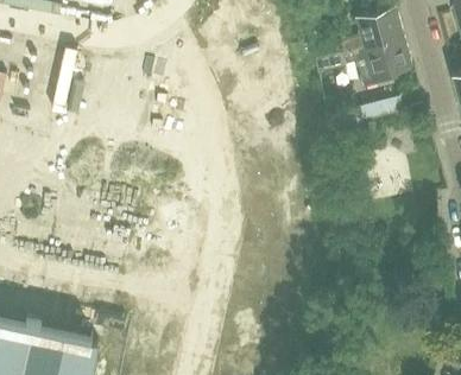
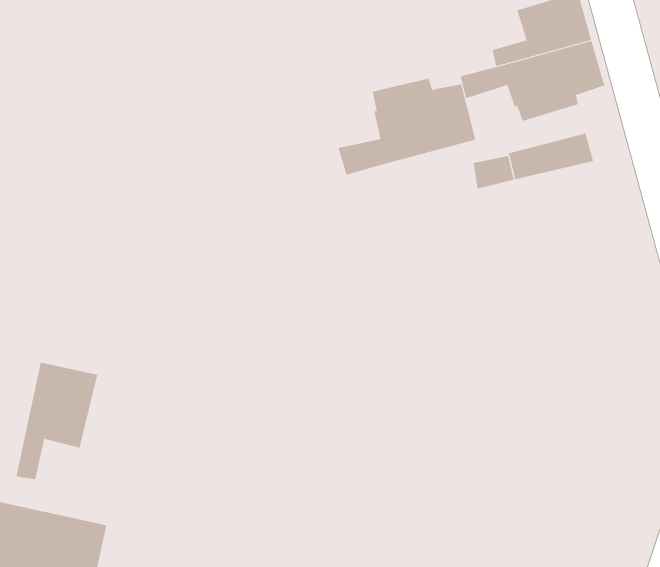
building: none -> [338,78,476,175]
building: none -> [16,362,98,480]

